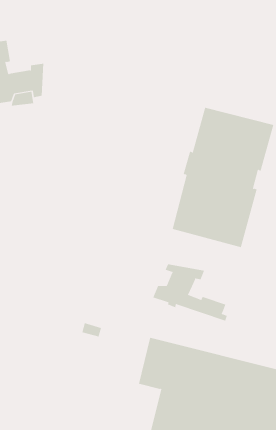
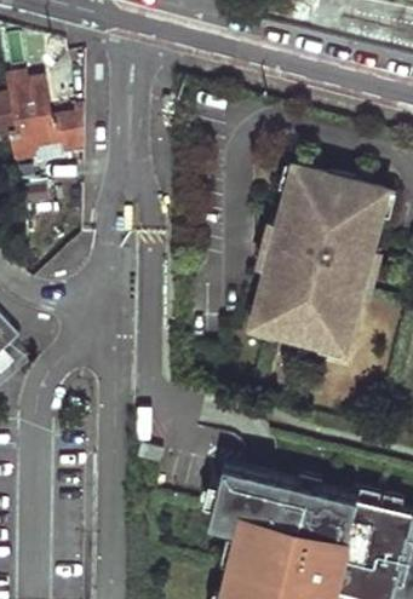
building: [152,263,227,322] -> none

